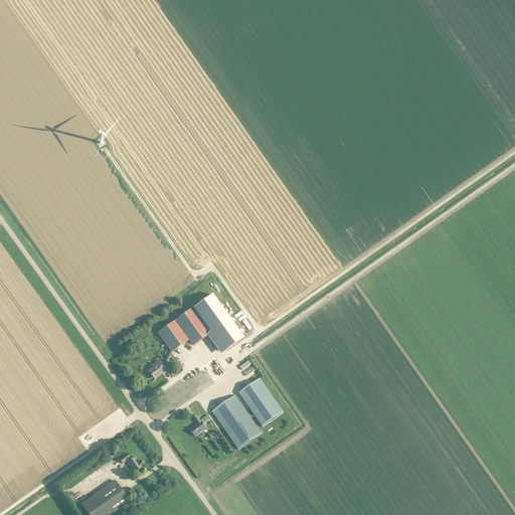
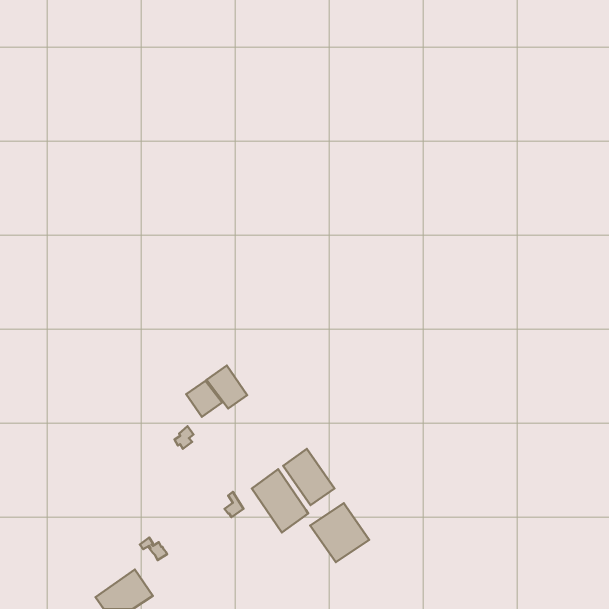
building: [192,294,242,349] -> none
building: none -> [310,503,369,562]

